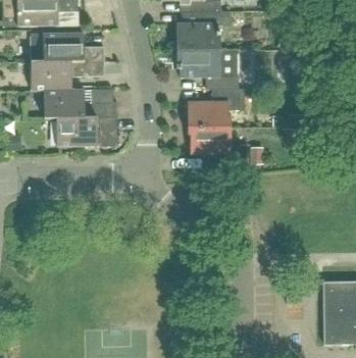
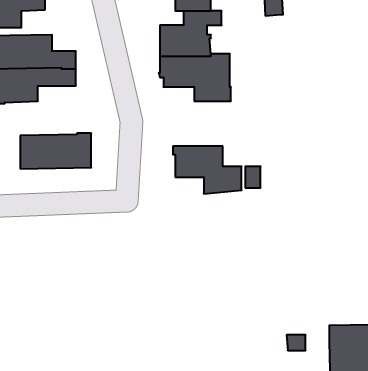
building: [43,89,117,118] -> none
building: [187,89,244,127] -> none

